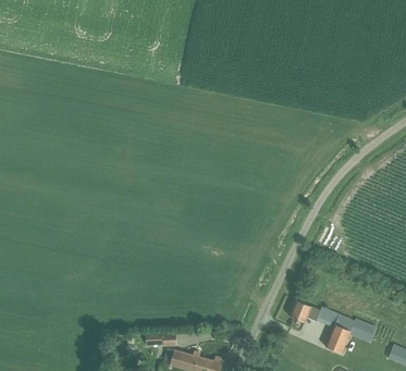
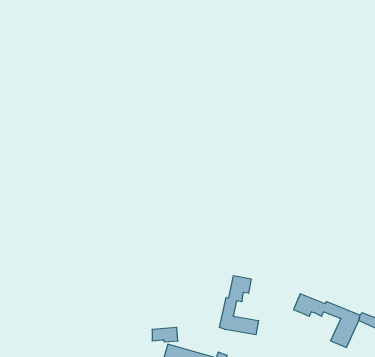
building: none -> [220,276,259,335]

